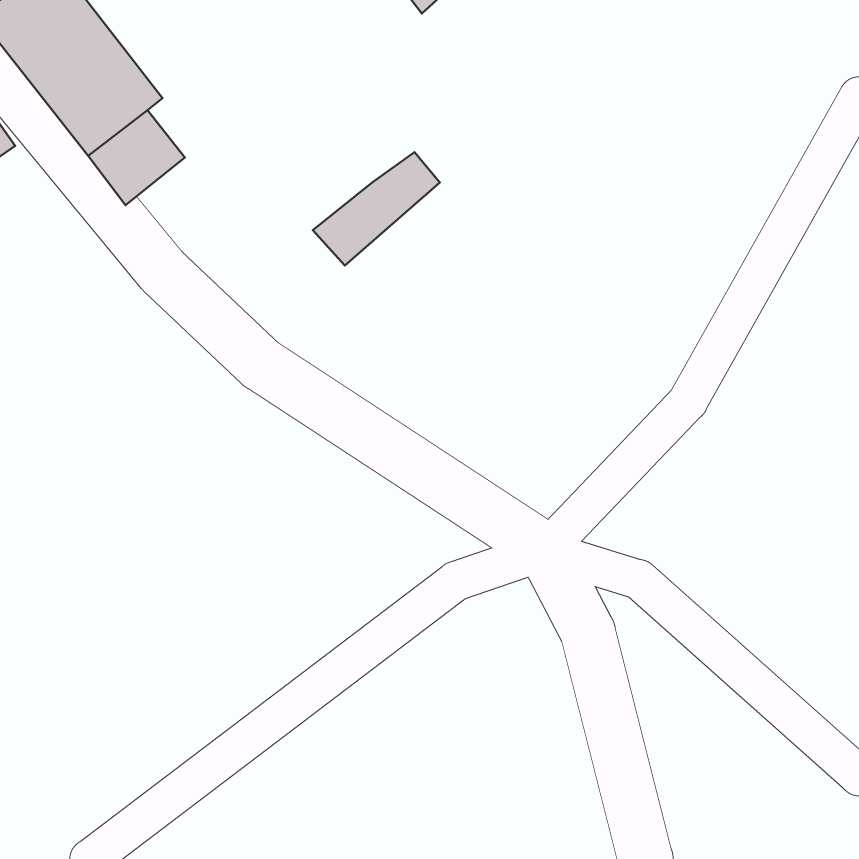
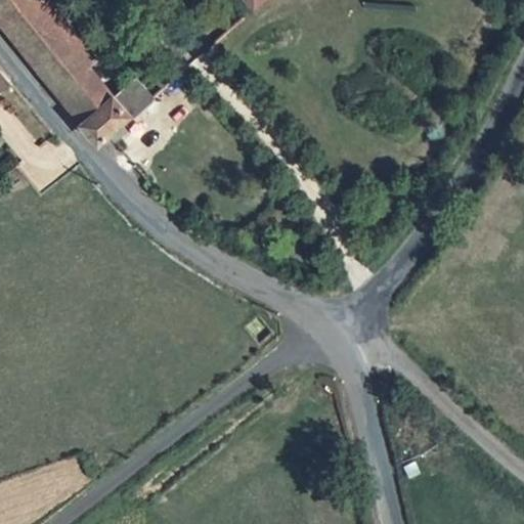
building: [313,152,440,266] -> [76,77,152,145]

